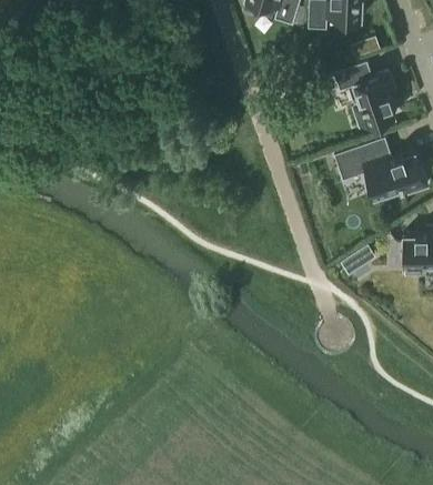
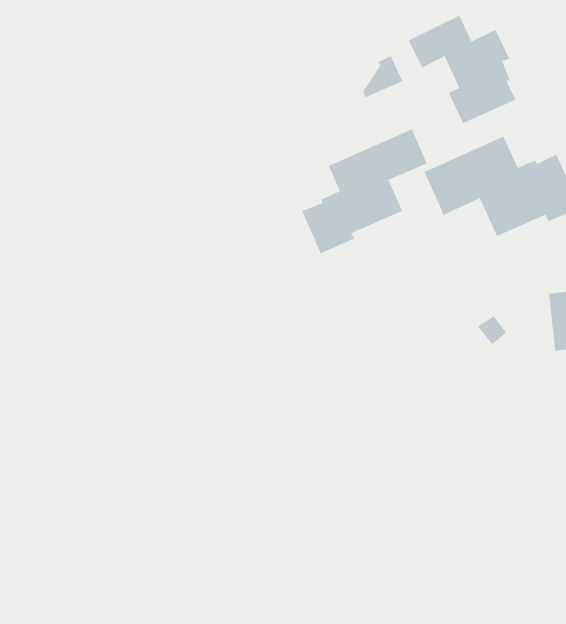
building: none -> [301,129,428,254]

